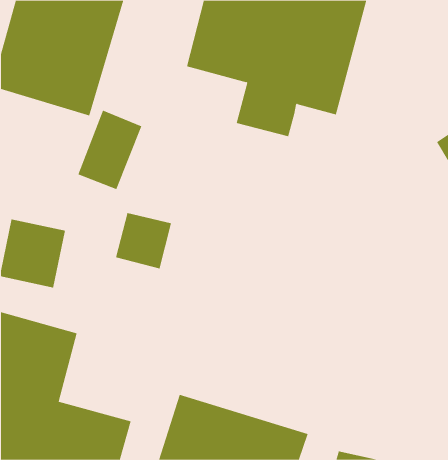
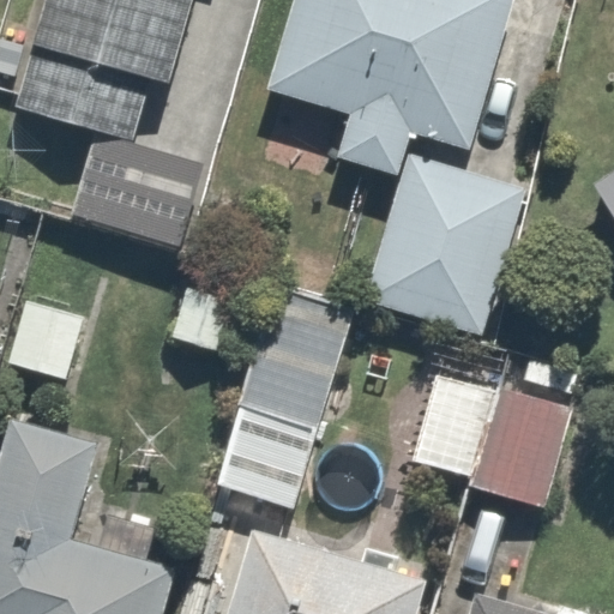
building: none -> [343,151,513,325]
building: none -> [219,282,353,504]
building: none -> [411,373,582,513]

